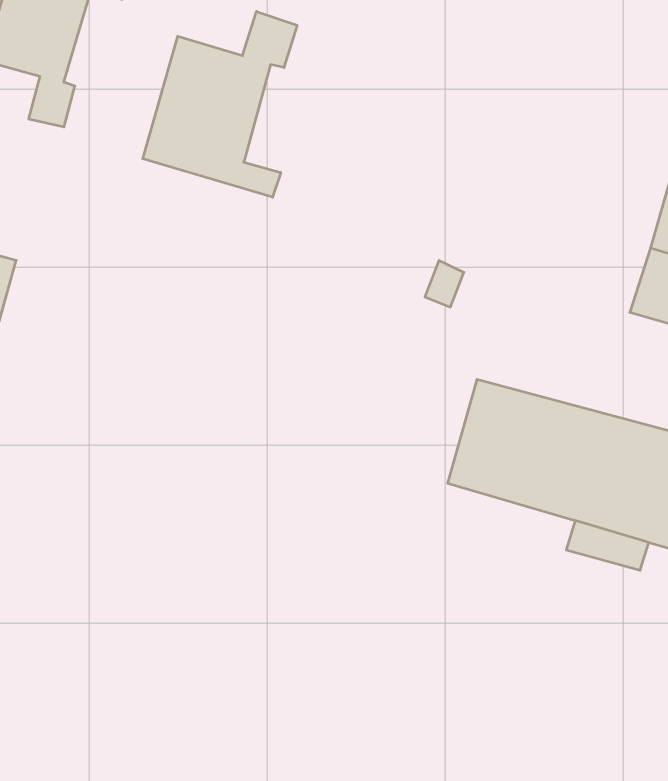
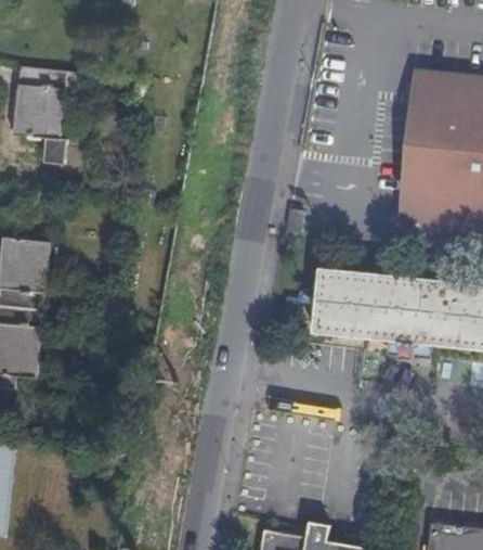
building: [143,11,297,197] -> none

